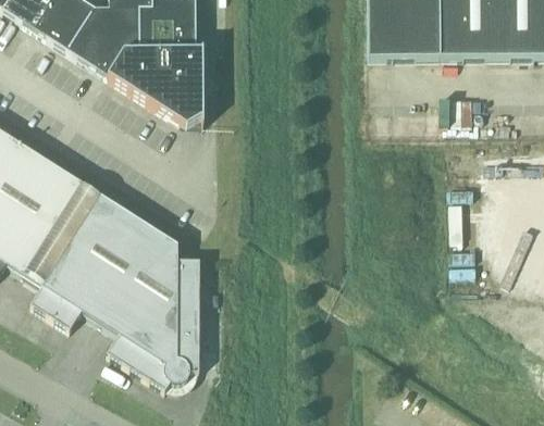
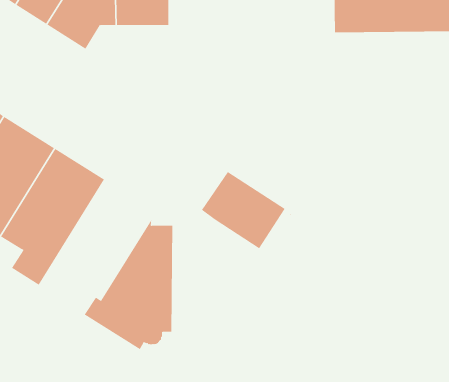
building: [108,50,202,123] -> none
building: none -> [201,171,292,249]
building: [59,211,177,337] -> none

